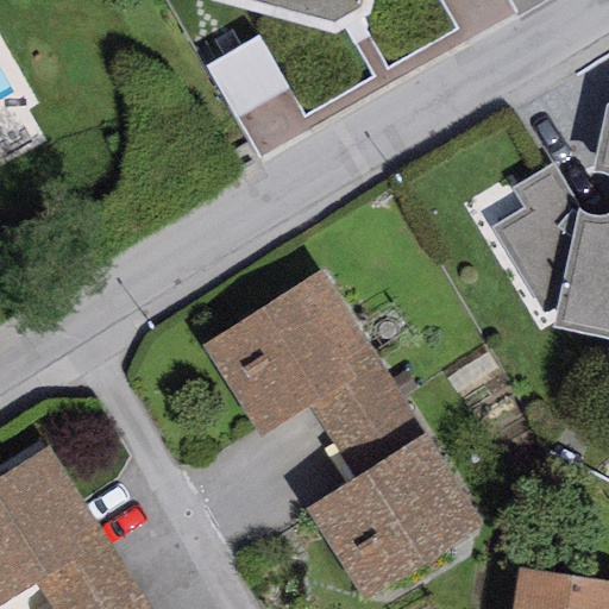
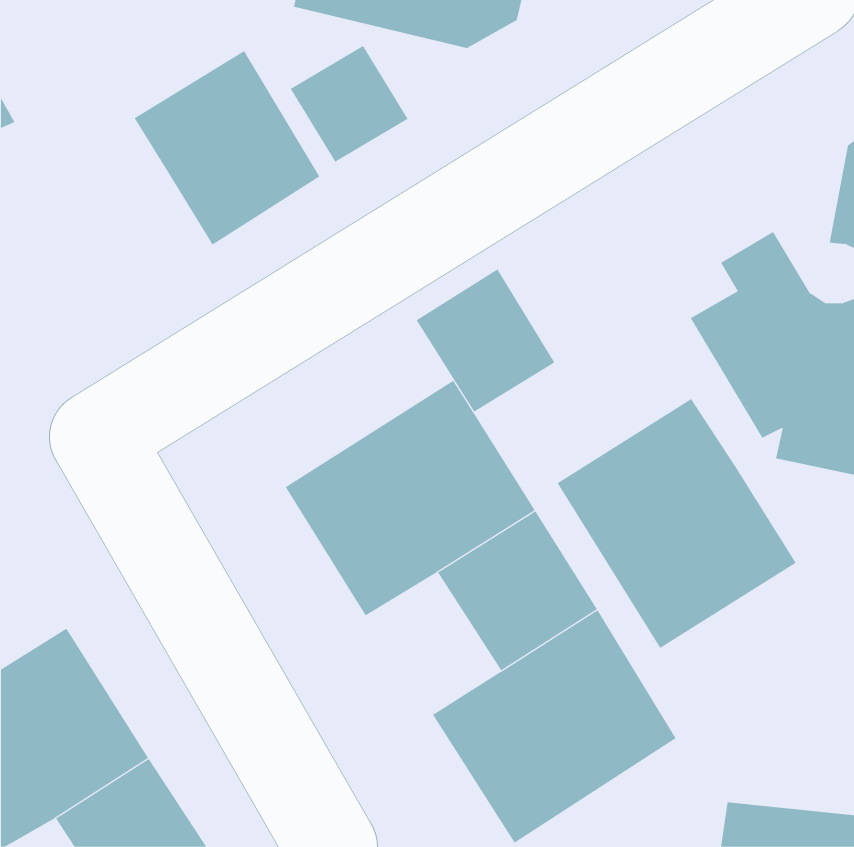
building: none -> [134,50,320,246]
building: none -> [416,269,555,413]
building: none -> [557,398,797,649]

